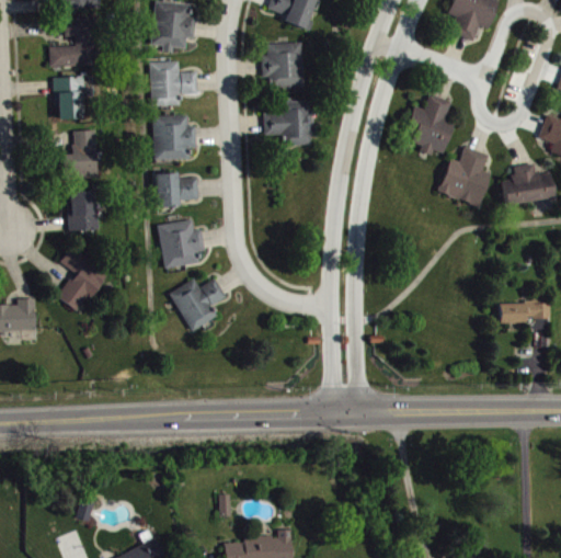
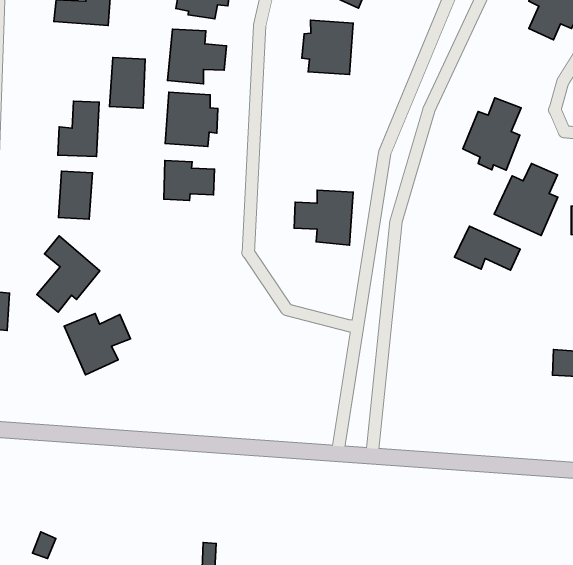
building: [54,77,83,119] -> [110,57,145,108]
building: [263,101,312,146] -> [294,190,353,245]
building: none -> [455,226,520,270]
building: [158,220,204,269] -> none
building: [169,278,226,332] -> [64,314,130,375]

